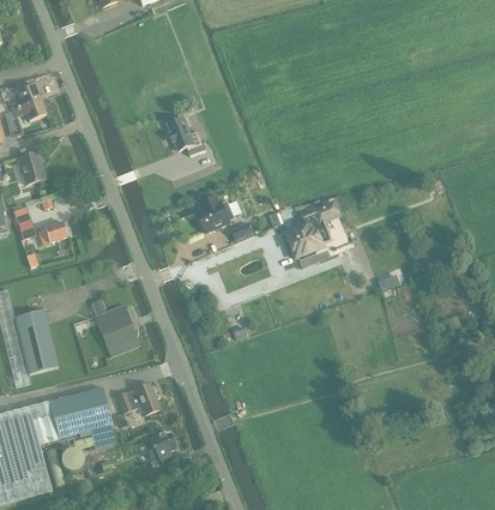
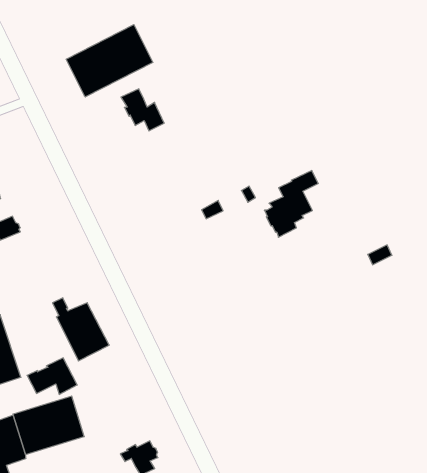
building: none -> [66,25,153,97]
building: [198,196,236,232] -> none
building: [116,383,161,415] -> [27,358,77,394]

